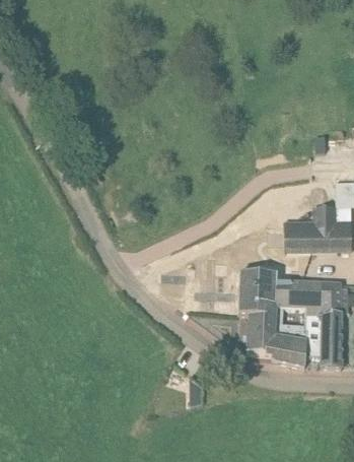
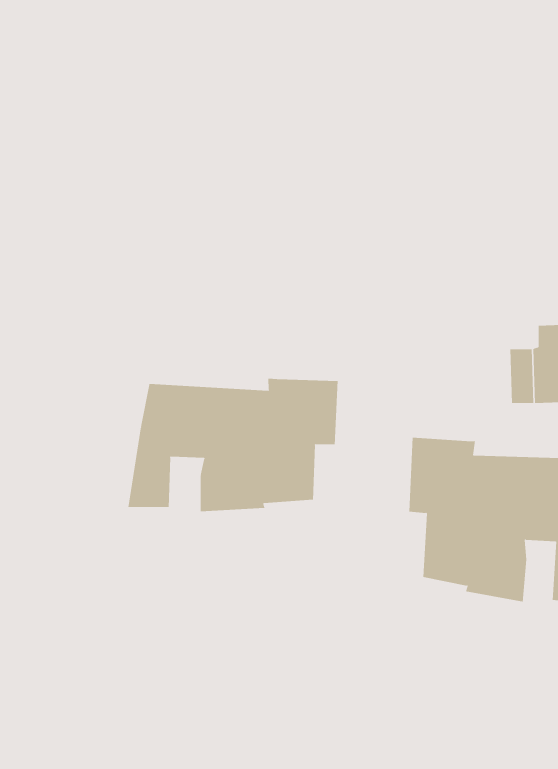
building: none -> [128,378,338,512]

